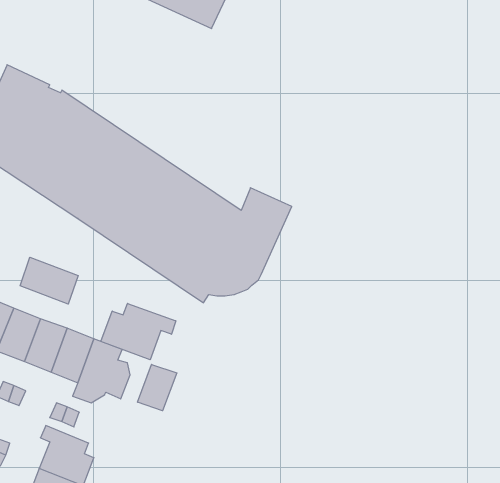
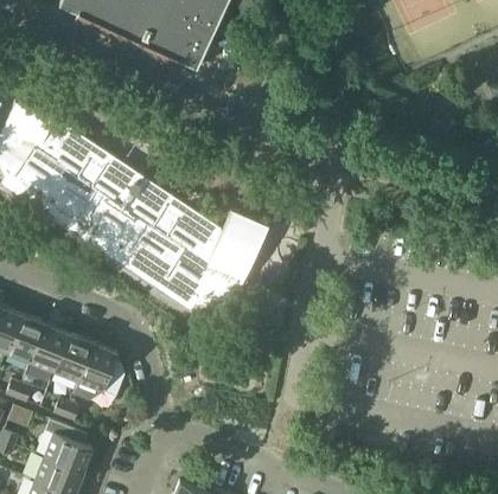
building: [20,257,78,304] -> none
building: [101,303,176,360] -> none
building: [138,364,177,411] -> none

